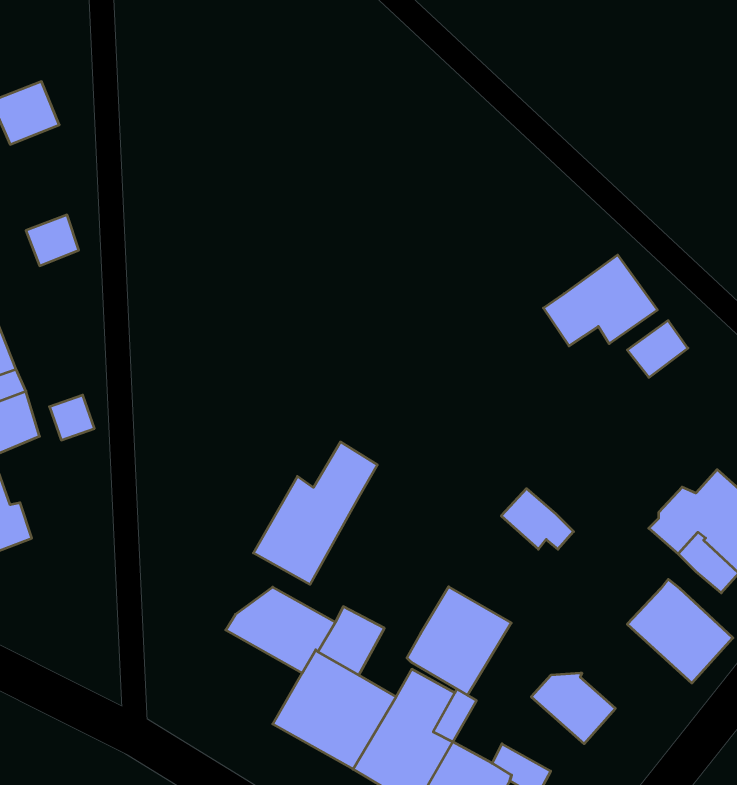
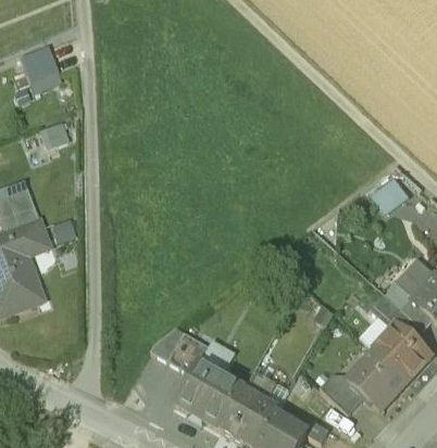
building: [543,255,657,346] -> none
building: [253,442,377,584] -> none
building: [501,489,574,549] -> [371,295,411,329]
building: [407,587,511,695] -> none
building: none -> [347,348,409,410]

